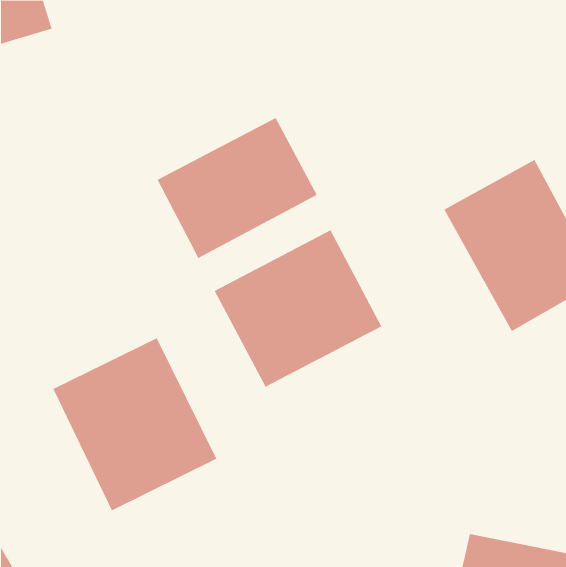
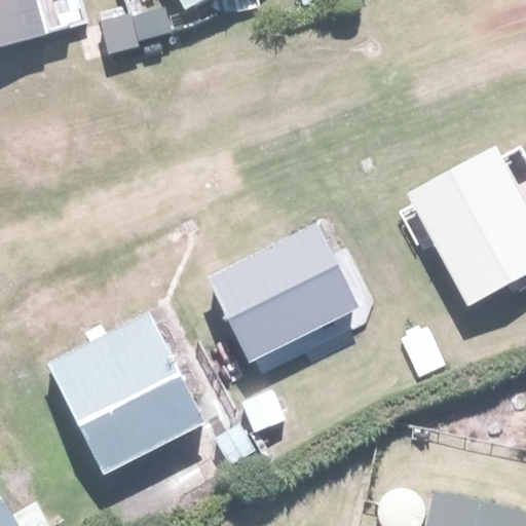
building: [157,117,317,259] -> none

